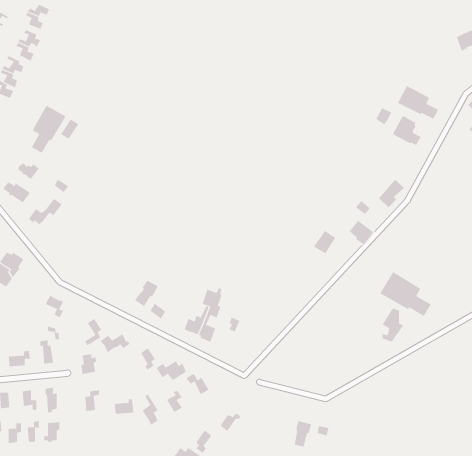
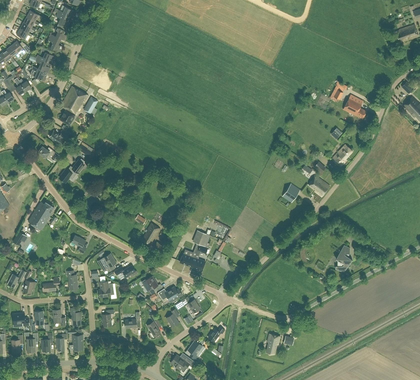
building: [397,85,439,120] -> none
building: [379,271,432,317] -> none

